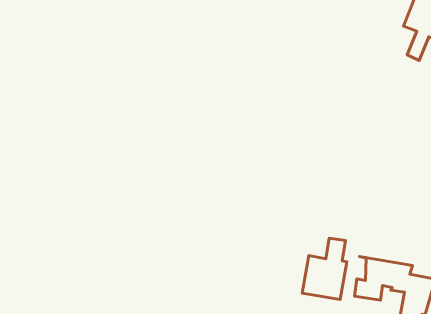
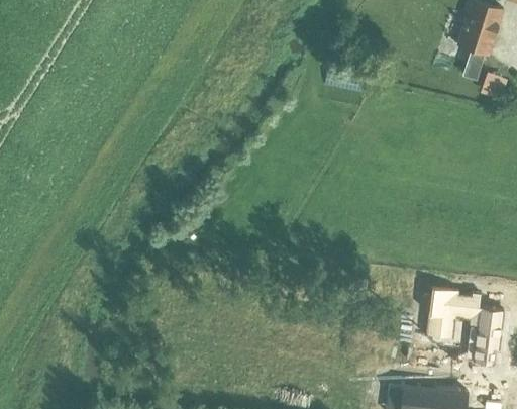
building: [302,238,347,300] -> none

